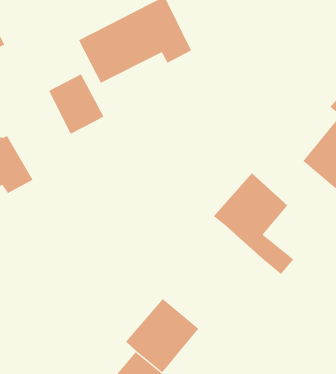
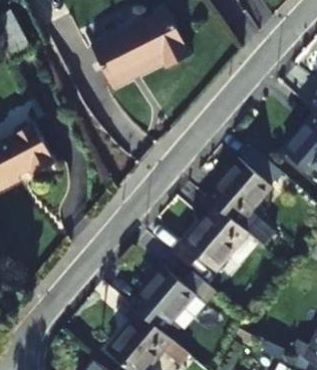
building: [48,74,104,134] -> none
building: none -> [187,206,250,271]

